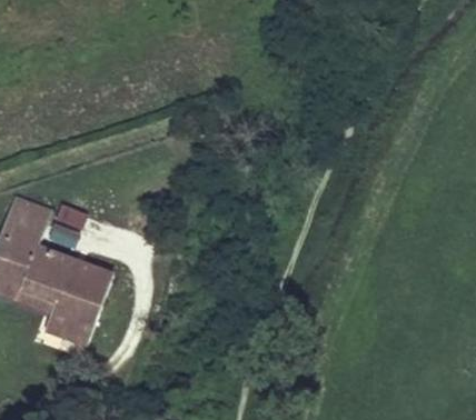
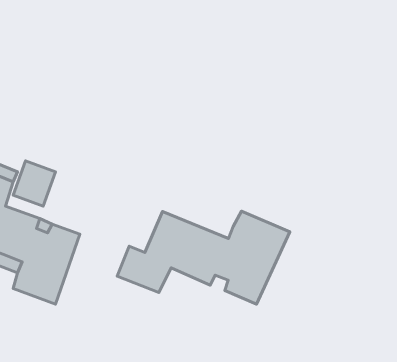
building: none -> [117,211,290,304]

